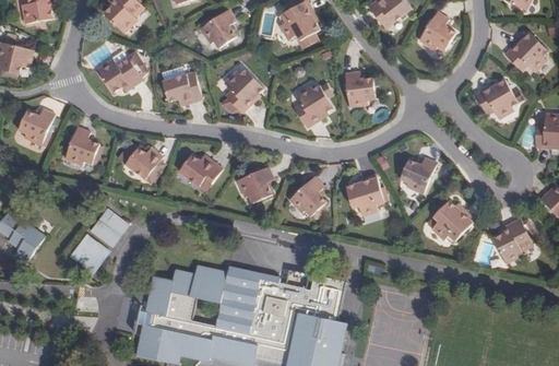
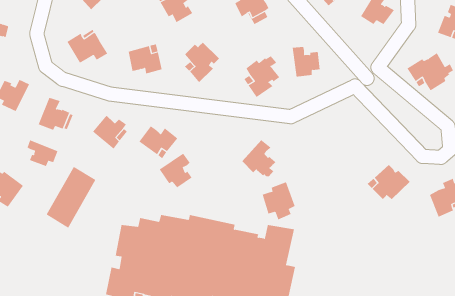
building: [400,158,437,193] -> none
building: [234,165,271,204] -> [159,153,193,188]
building: [344,176,381,219] -> [262,182,295,220]
building: none -> [27,140,58,167]

